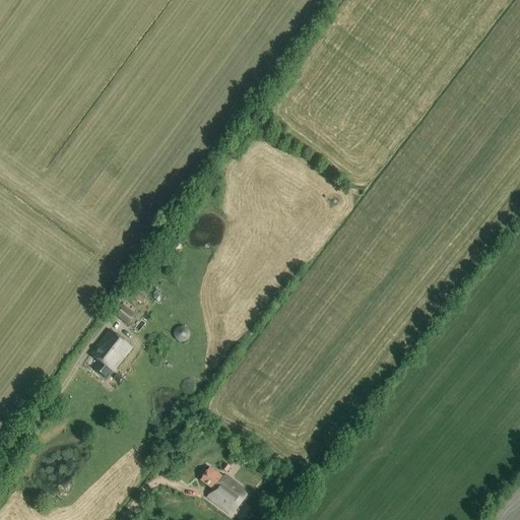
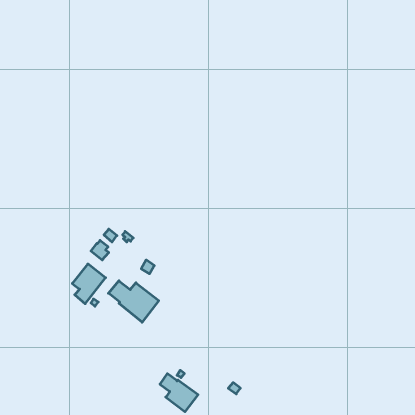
building: none -> [108,281,159,322]

